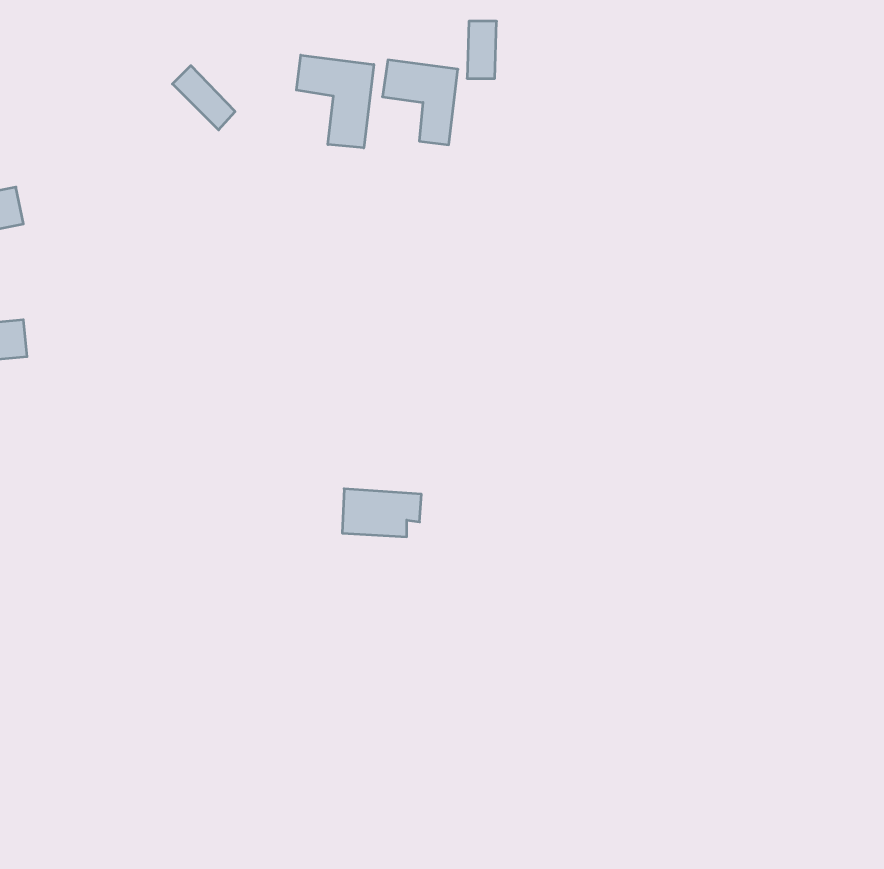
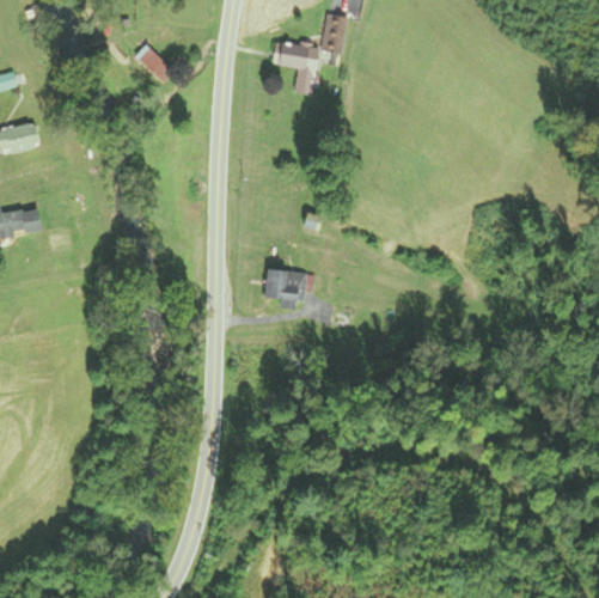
building: [296,55,374,148] -> none
building: [342,489,421,537] -> [263,268,314,299]

